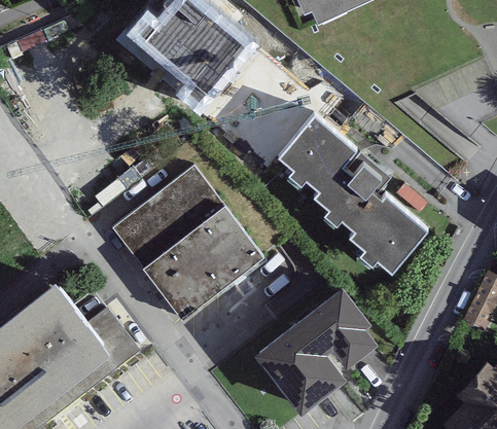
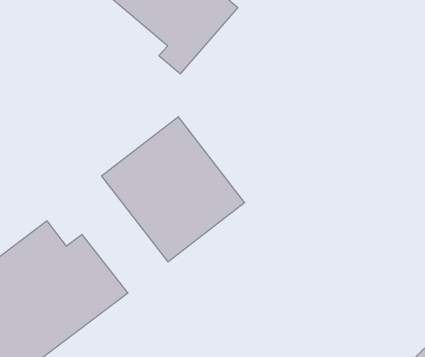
building: [279,117,427,275] -> none
building: [254,281,379,408] -> none

